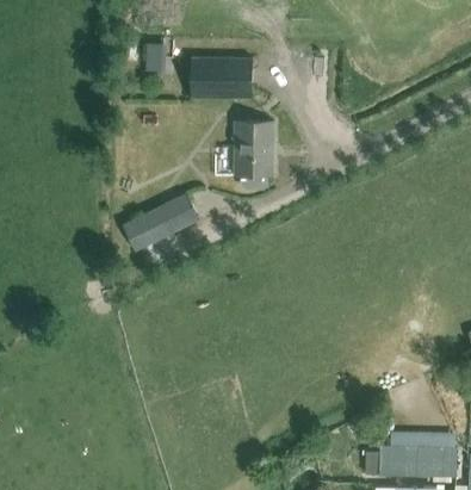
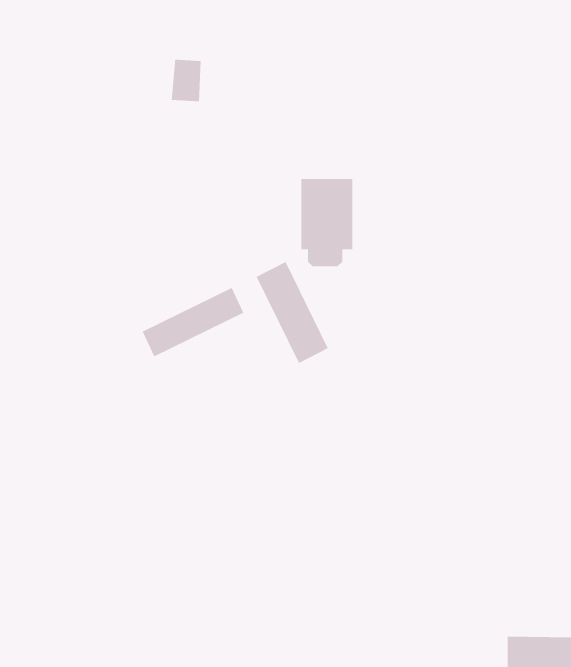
building: [186,56,248,97] -> none
building: none -> [256,261,329,364]

